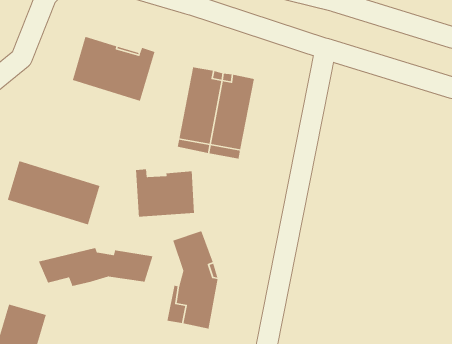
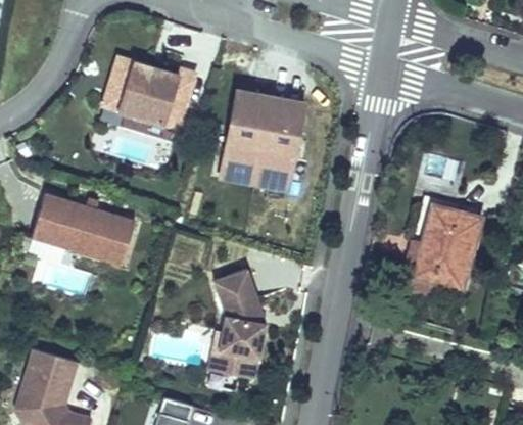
building: none -> [401,195,481,293]
building: [135,168,195,218] -> none
building: [38,247,153,287] -> none

